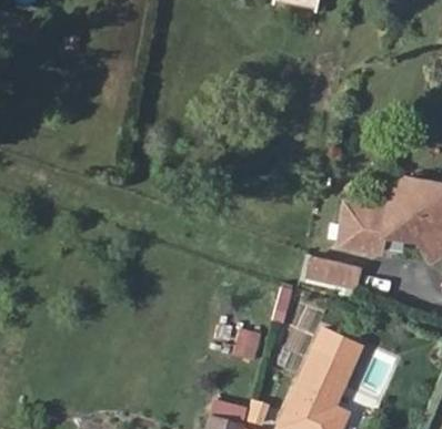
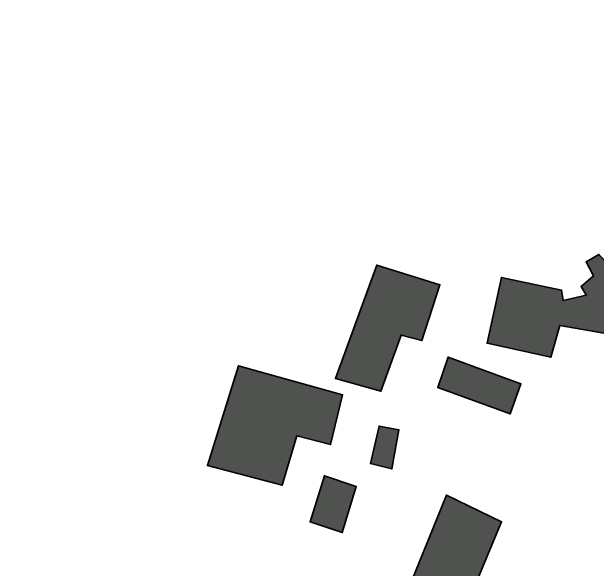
building: none -> [335,265,440,391]
building: none -> [208,366,342,485]

